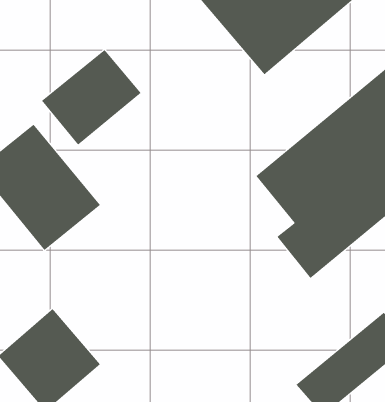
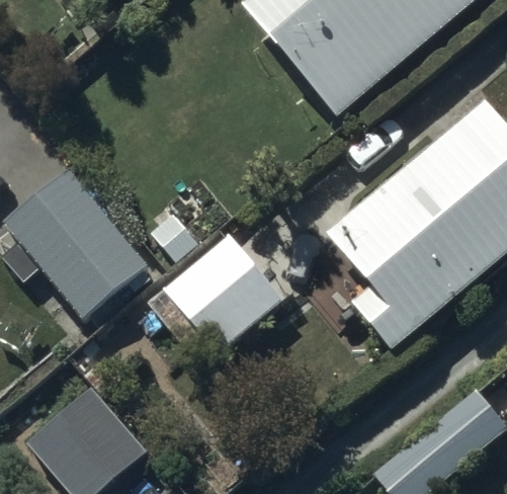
building: [41,49,142,145] -> none
building: none -> [164,234,284,353]

